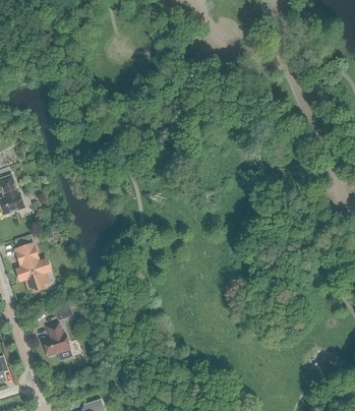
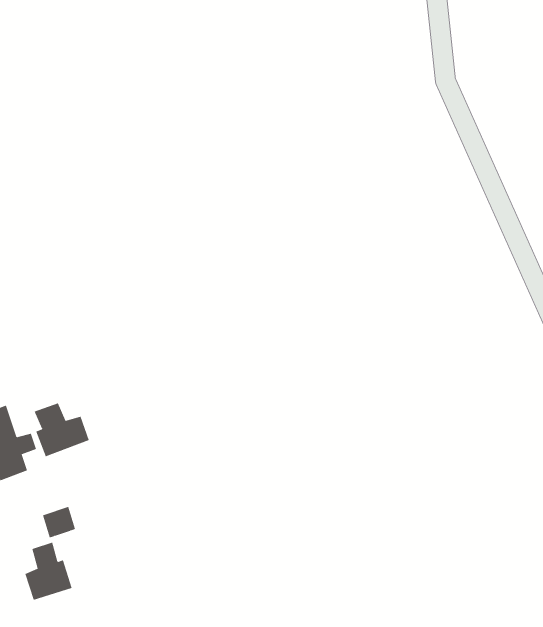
building: none -> [34,403,90,457]

